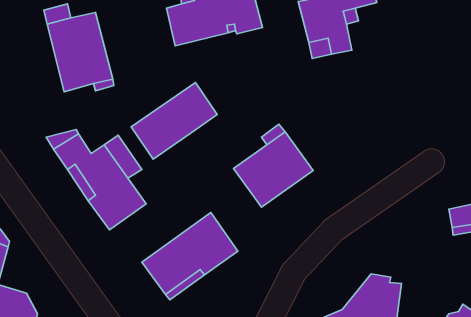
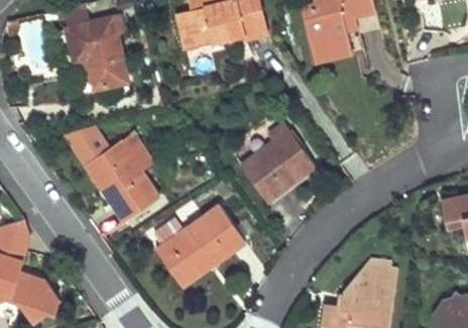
building: [131,82,217,159] -> none

